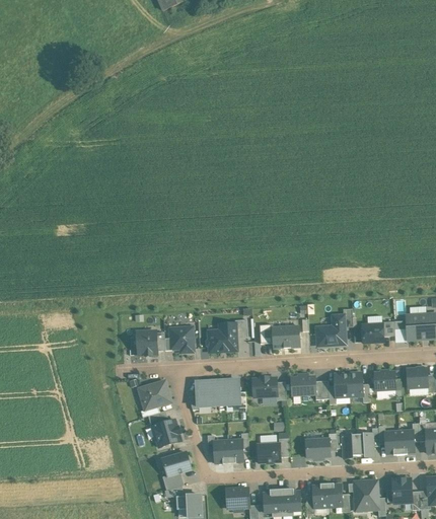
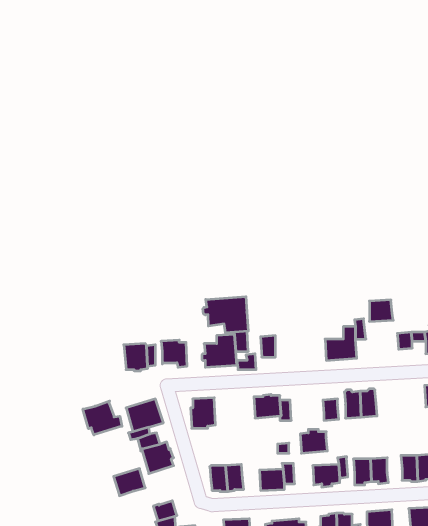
building: none -> [203,297,248,333]
building: [362,323,383,343] -> [369,300,393,321]
building: [272,325,300,348] -> none
building: [374,369,395,390] -> none
building: [291,374,315,395] -> [300,429,327,453]
building: [217,378,239,405] -> none
building: none -> [83,401,122,435]
building: [162,451,191,475] -> [114,469,145,496]

